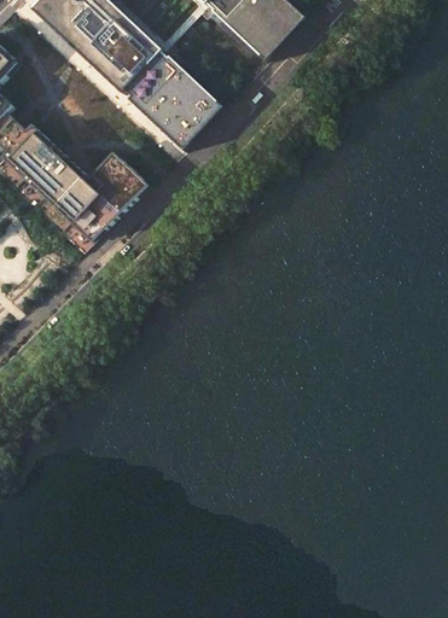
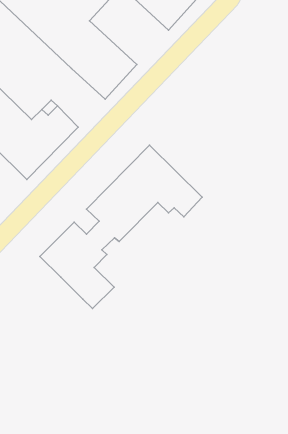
building: none -> [40,145,202,309]

